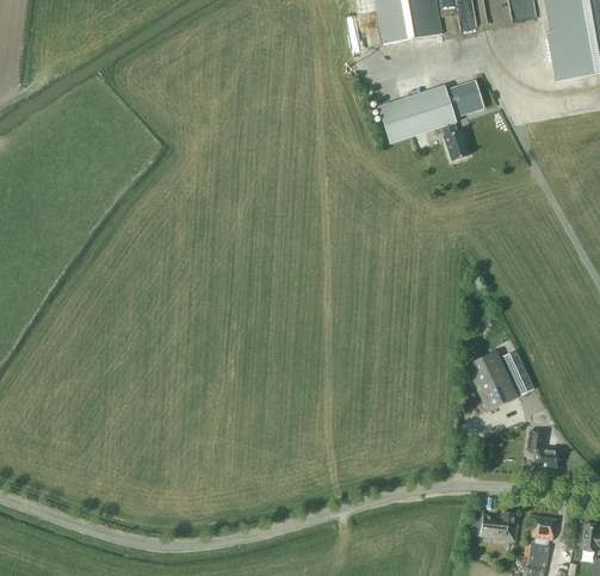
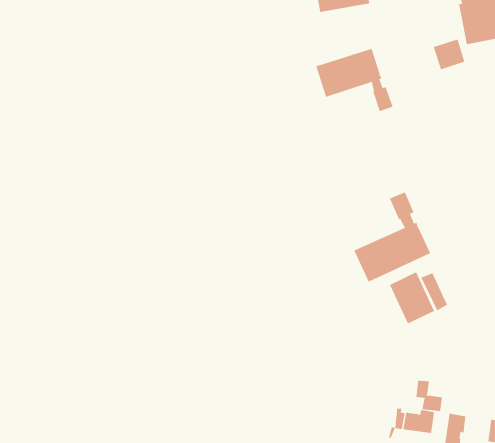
building: [446,79,484,116] -> [433,39,465,70]
building: none -> [354,191,431,282]
building: [528,429,561,466] -> [416,380,443,411]

